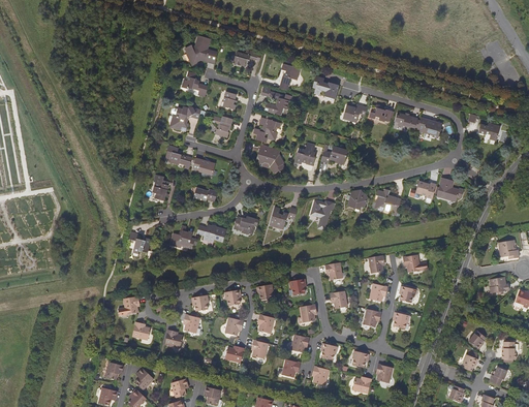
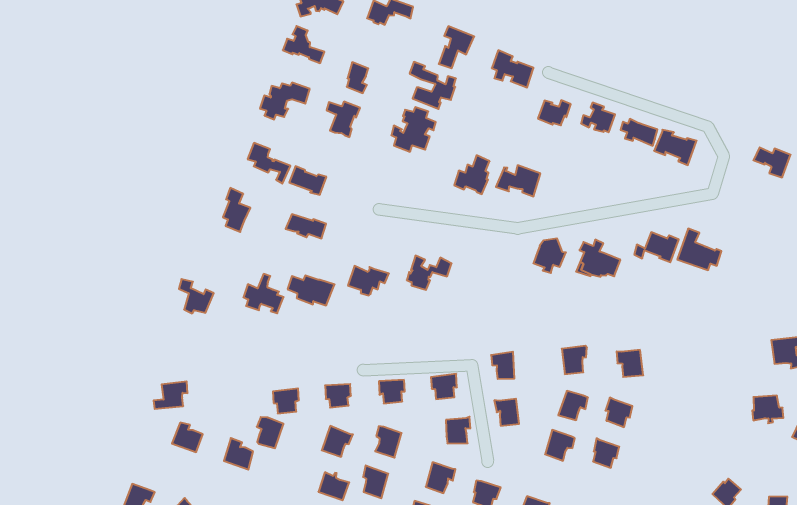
building: [257,144,284,173] -> none
building: [309,199,334,230] -> none

